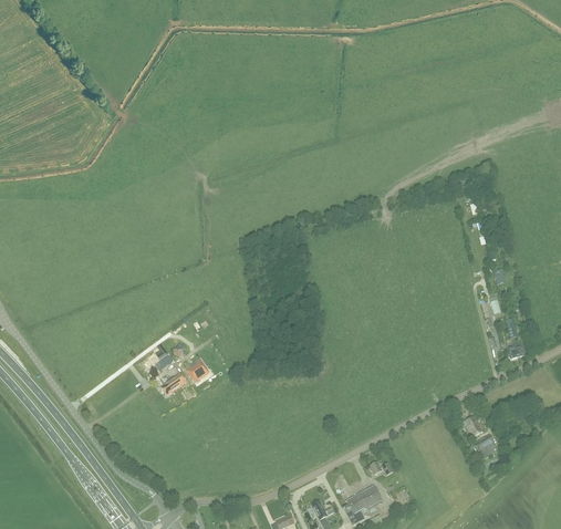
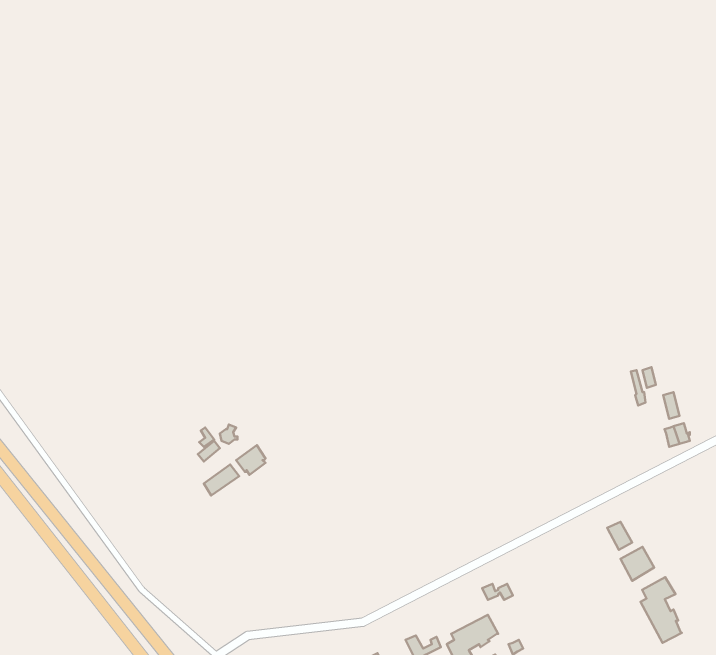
building: none -> [641,577,682,643]

